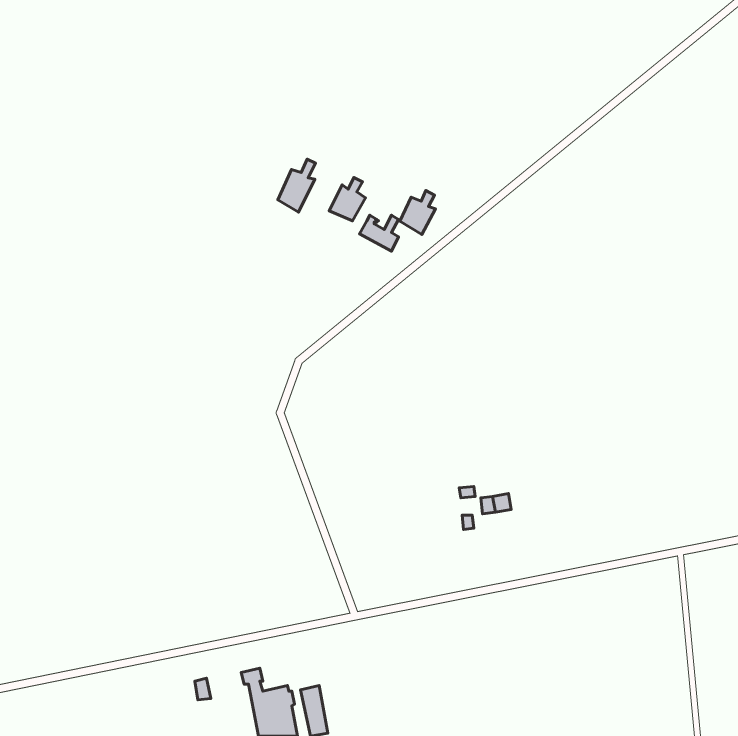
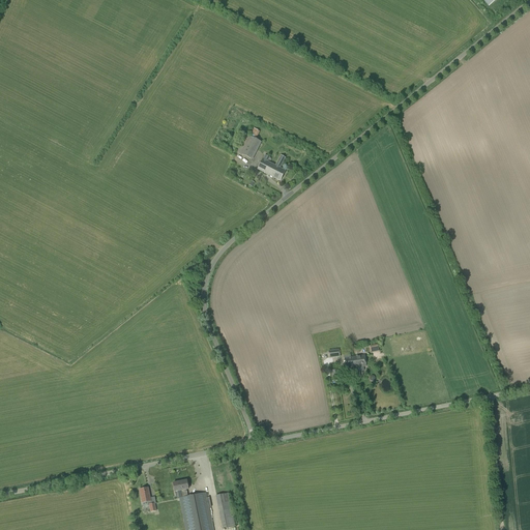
building: [278,159,315,212] -> none
building: [400,191,436,234] -> none

